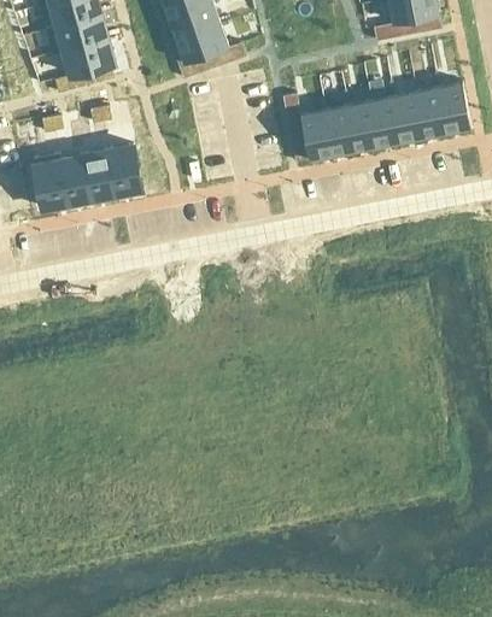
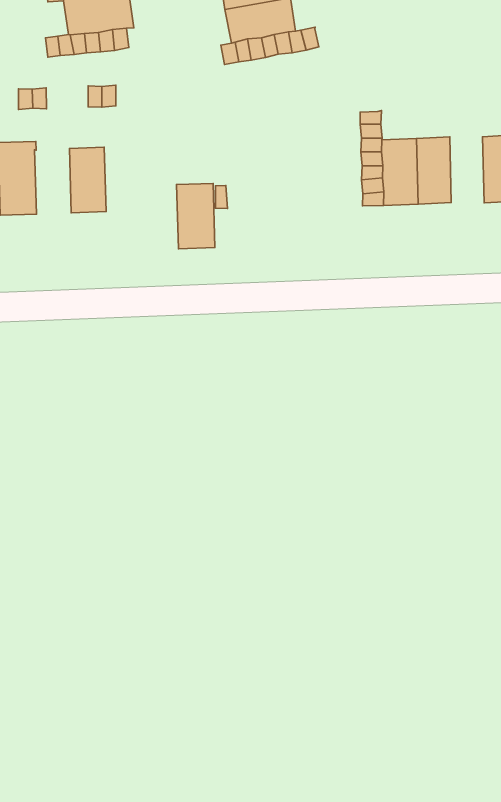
building: [346,98,377,147] -> none
building: [106,142,140,192] -> [177,183,215,249]
building: [58,152,90,201] -> none

